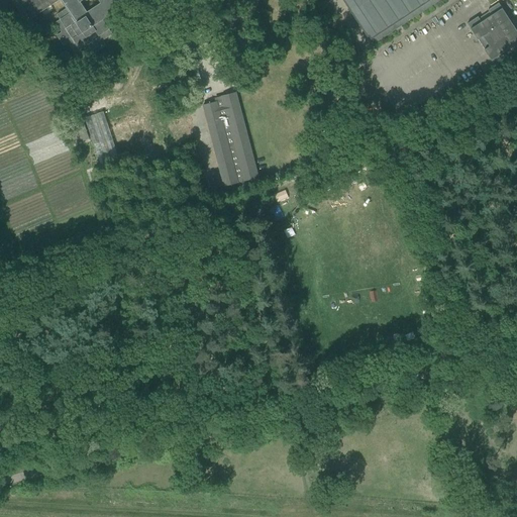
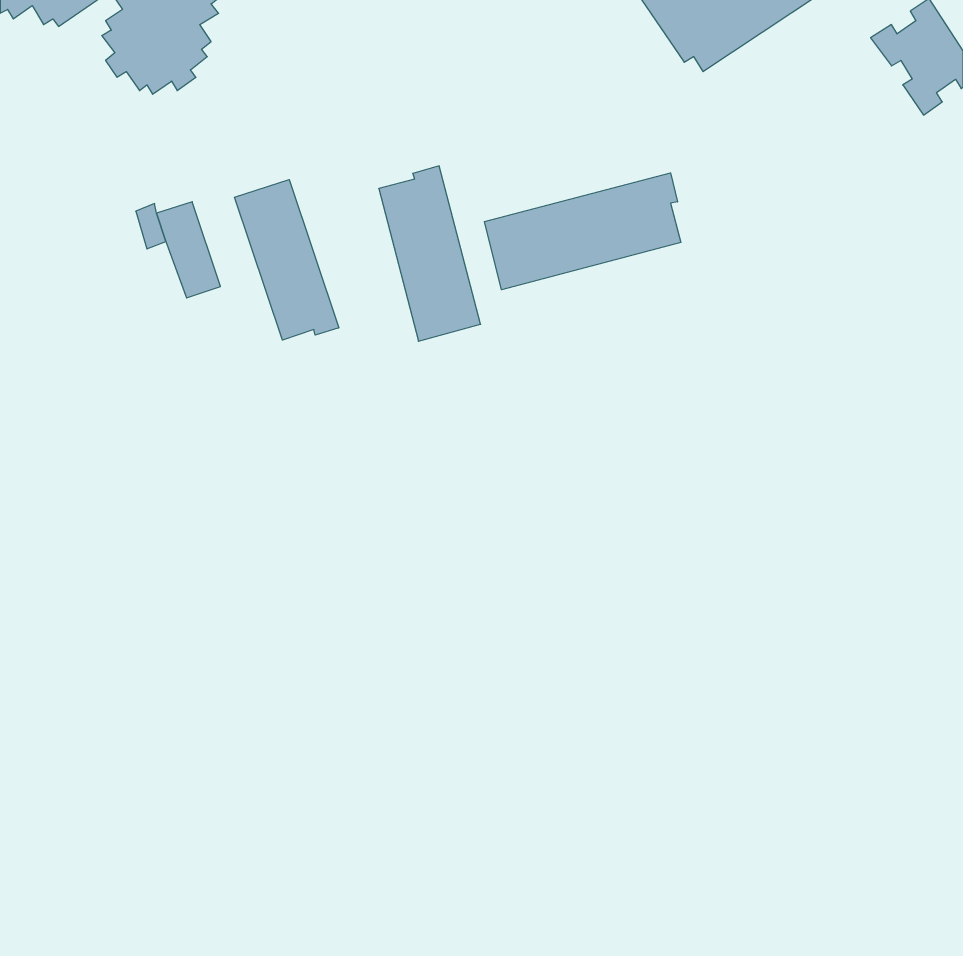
building: none -> [484,173,681,290]
building: none -> [234,180,339,340]

